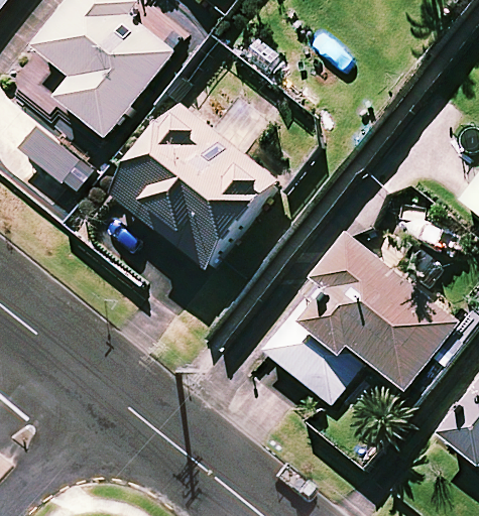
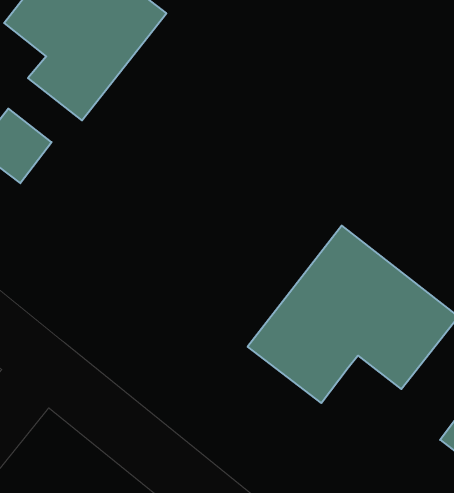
building: [111,107,276,269] -> none

